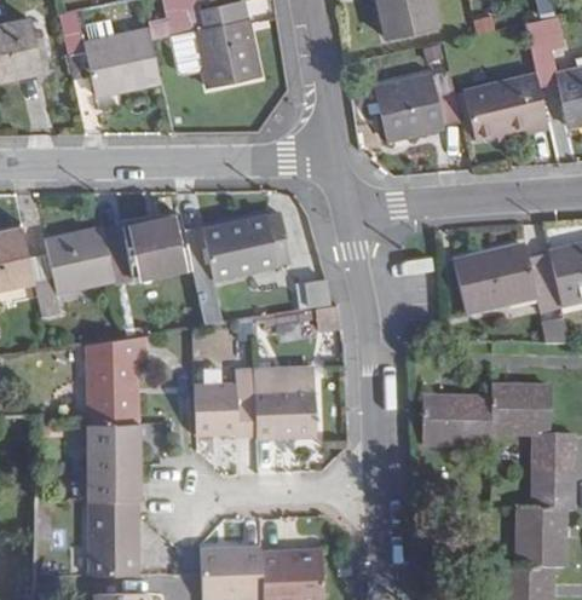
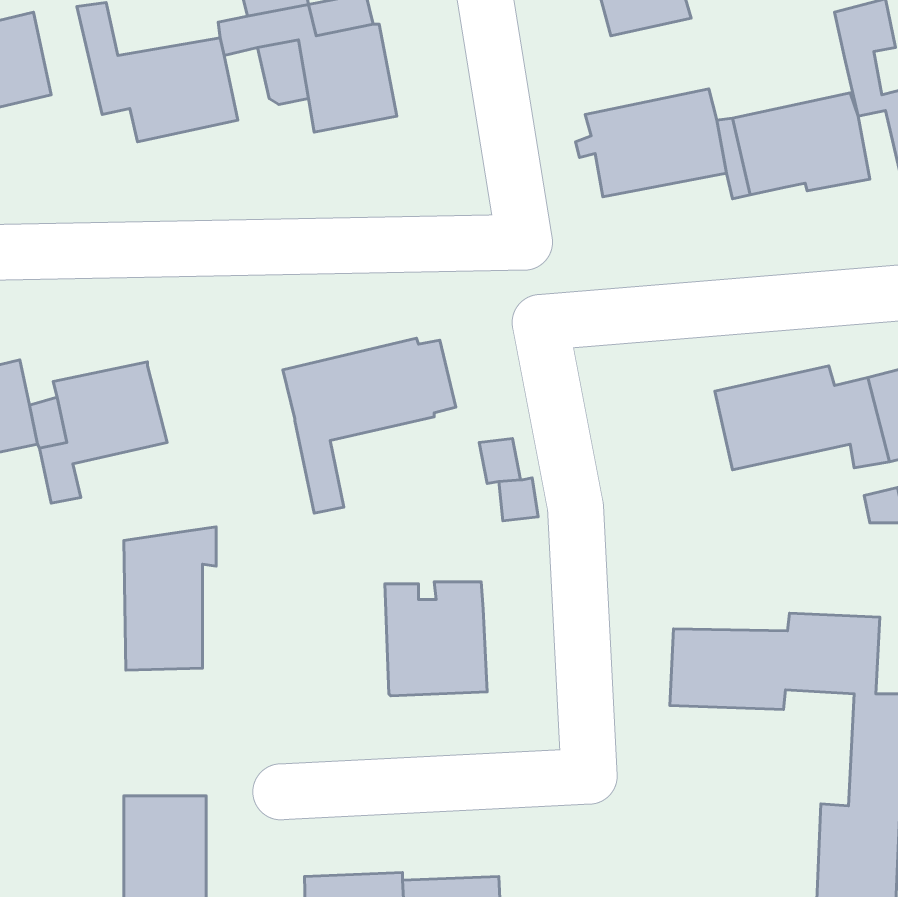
building: [103,217,194,285] -> none
building: [192,369,252,437] -> none
building: [87,421,142,501] -> none

